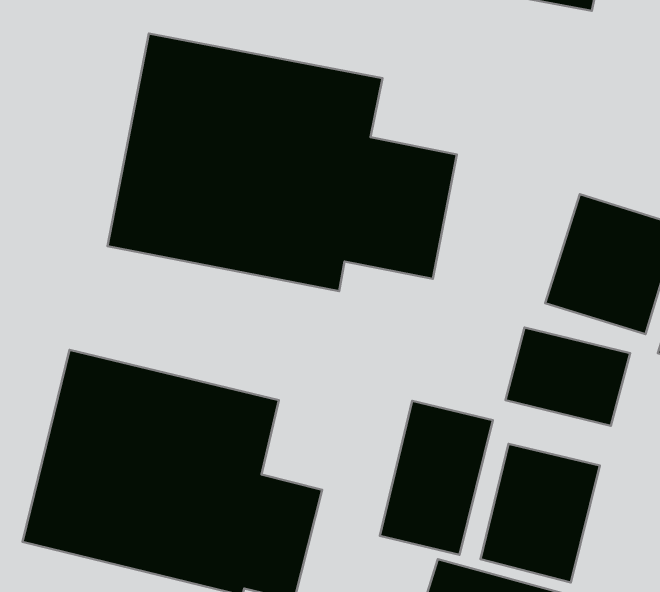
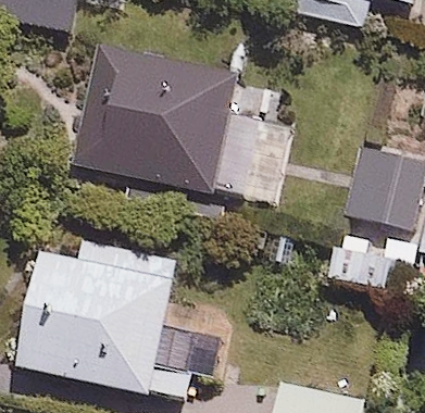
building: [380,401,493,555] -> none
building: [481,444,600,582] -> none

